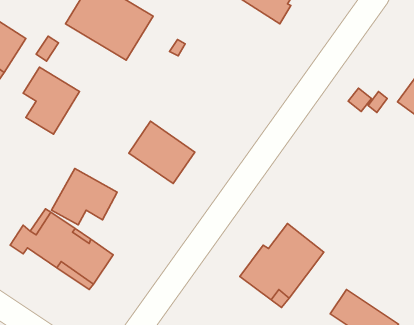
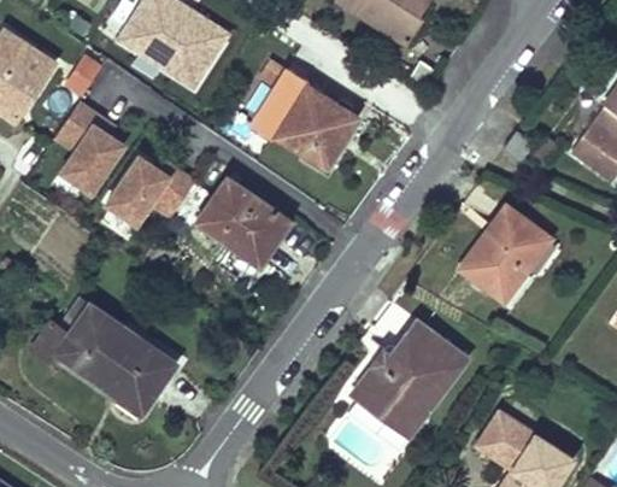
building: none -> [251,69,357,168]
building: none -> [460,207,551,303]
building: [51,169,117,225] -> [101,148,193,227]

